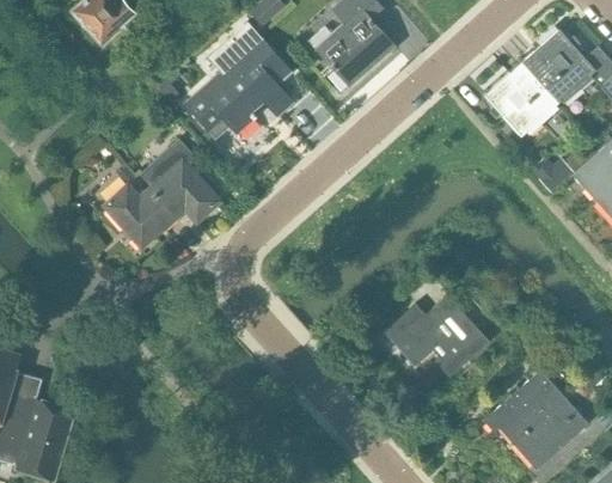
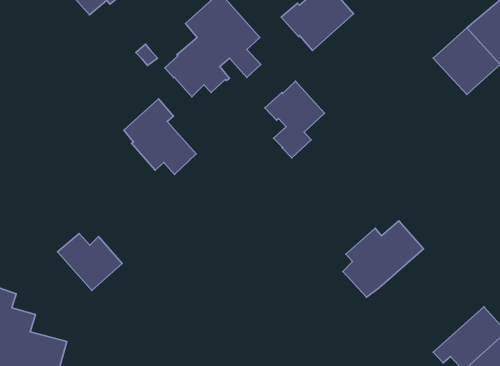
building: none -> [265,81,324,158]
building: [103,185,175,249] -> [57,233,122,290]
building: [423,306,506,378] -> none

